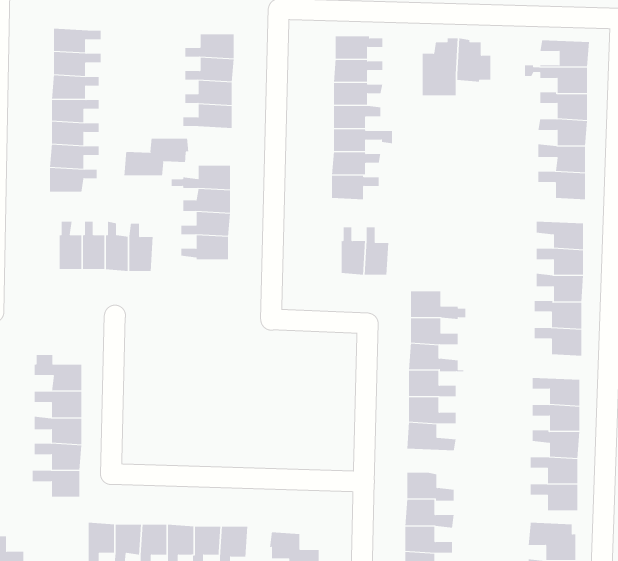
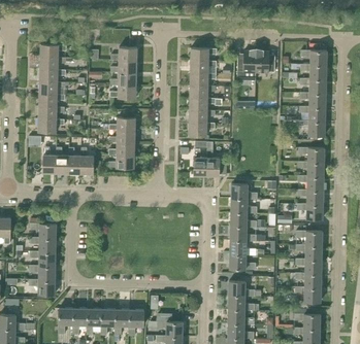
building: [124,138,189,176] -> none

